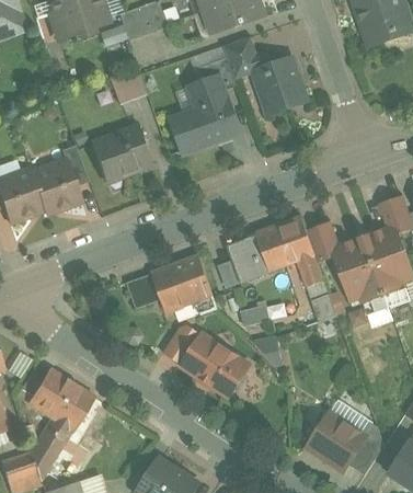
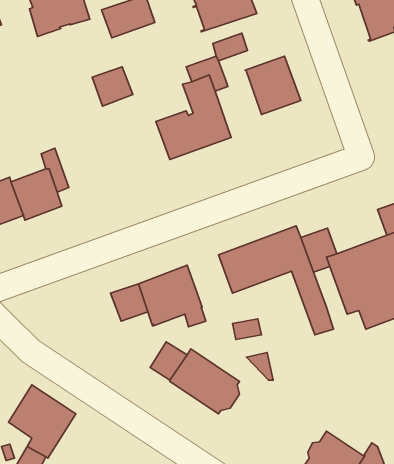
building: [228,48,272,80] -> none
building: [90,126,153,183] -> none

